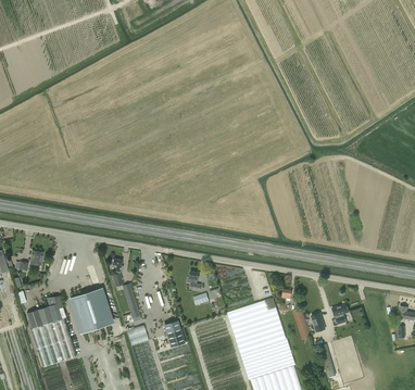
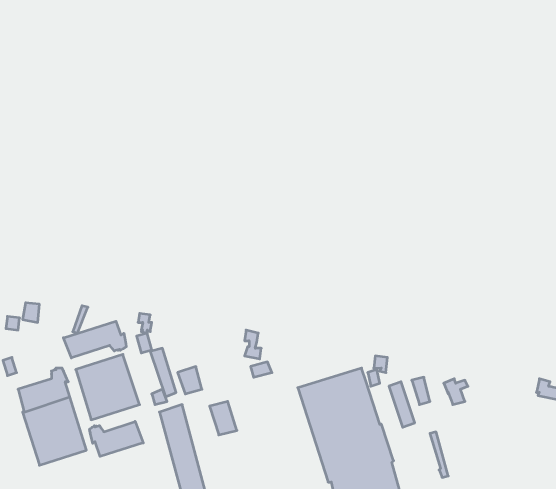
building: none -> [63,321,126,358]
building: none -> [90,421,143,456]

